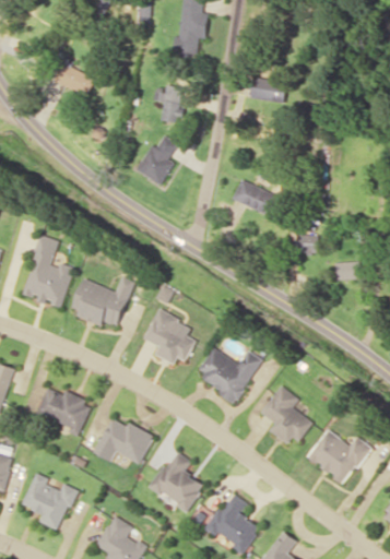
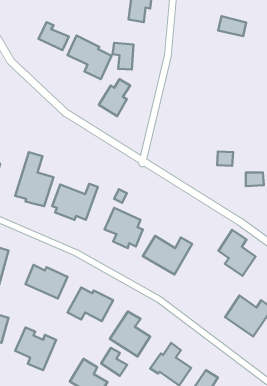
building: none -> [67,36,111,79]
building: [247,76,285,104] -> [218,16,246,36]
building: [231,179,279,217] -> none
building: [260,385,310,448] -> [218,230,255,276]
building: none -> [101,348,127,376]

